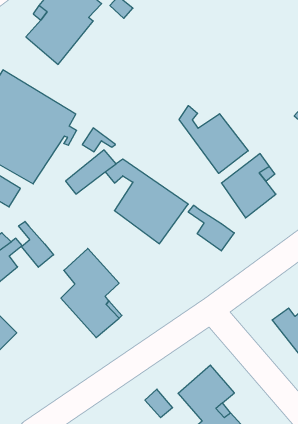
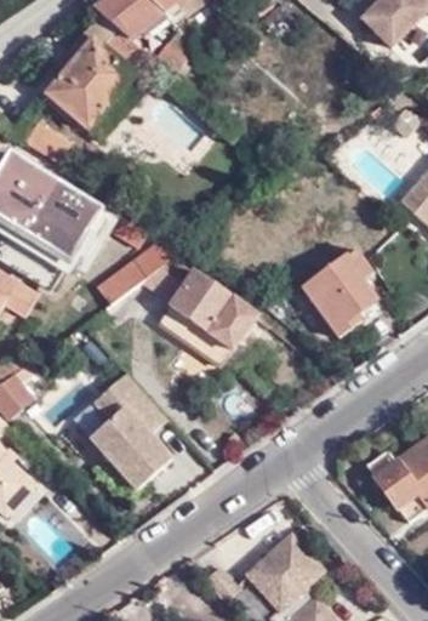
building: [179,106,248,173] -> none
building: [188,205,234,251] -> none
building: [19,221,54,267] -> none

